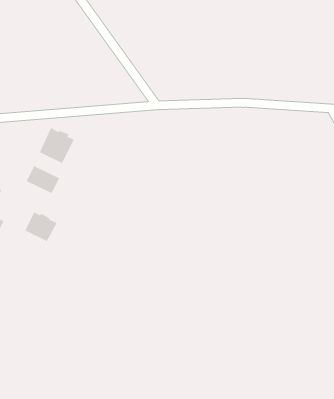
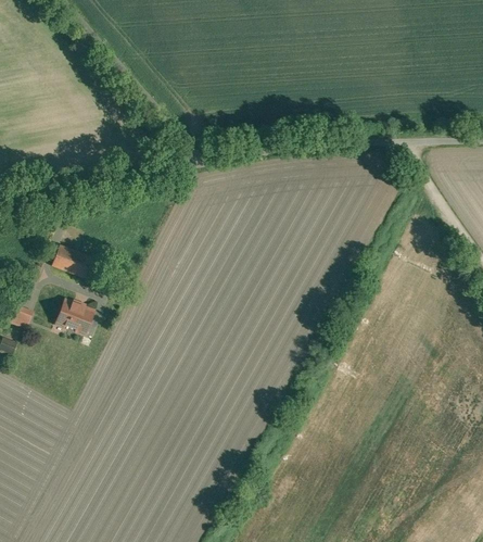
building: [39,127,75,164] -> none

